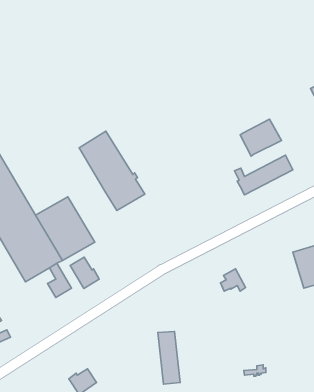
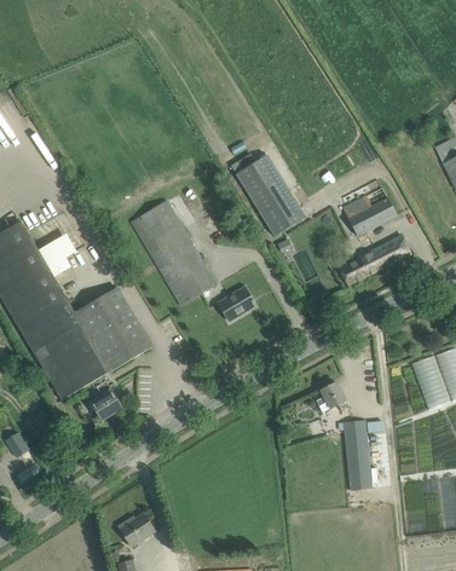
building: none -> [236,155,306,236]
building: none -> [217,284,256,319]
building: [70,257,99,289] -> none
building: [158,332,180,384] -> [344,421,373,490]

